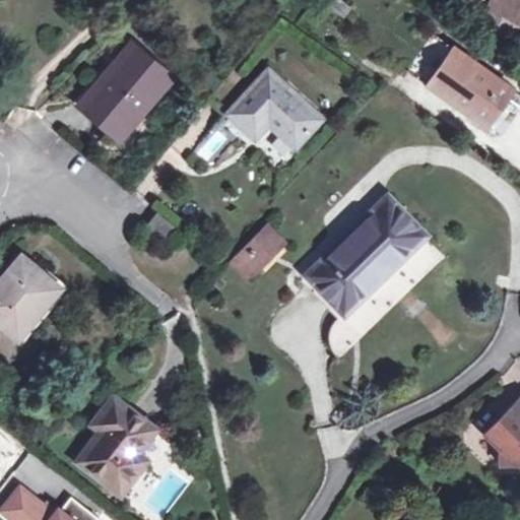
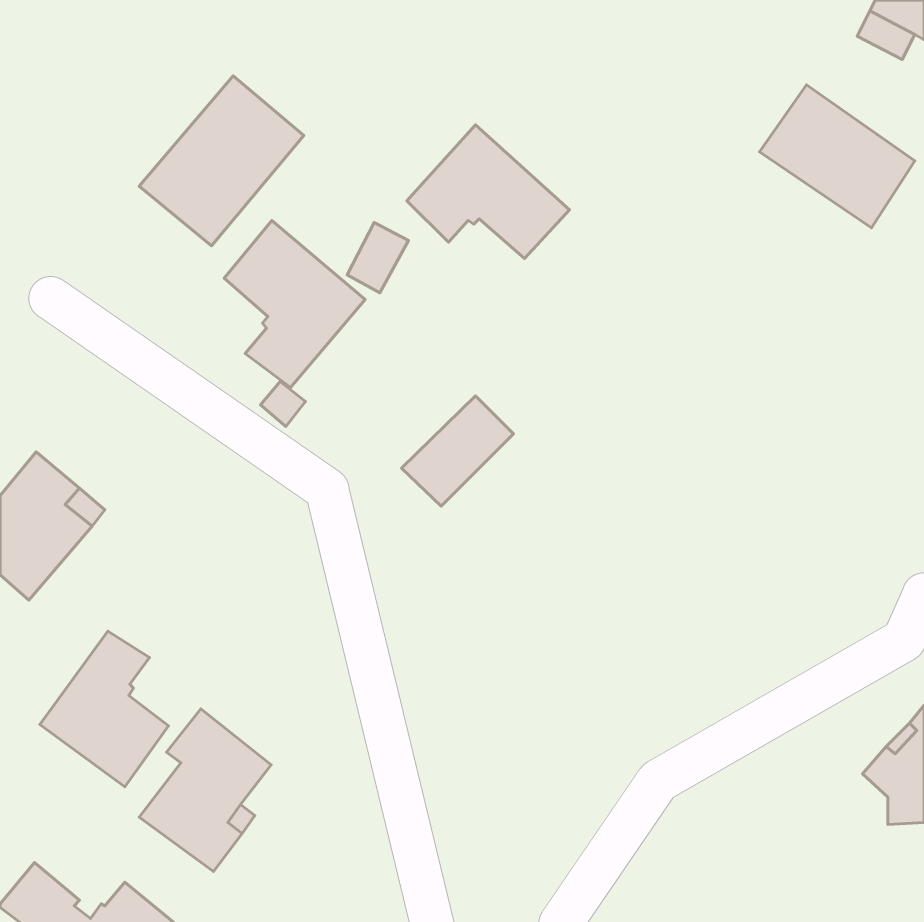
building: none -> [224,220,365,388]
building: [307,196,444,359] -> none
building: none -> [40,631,169,787]

